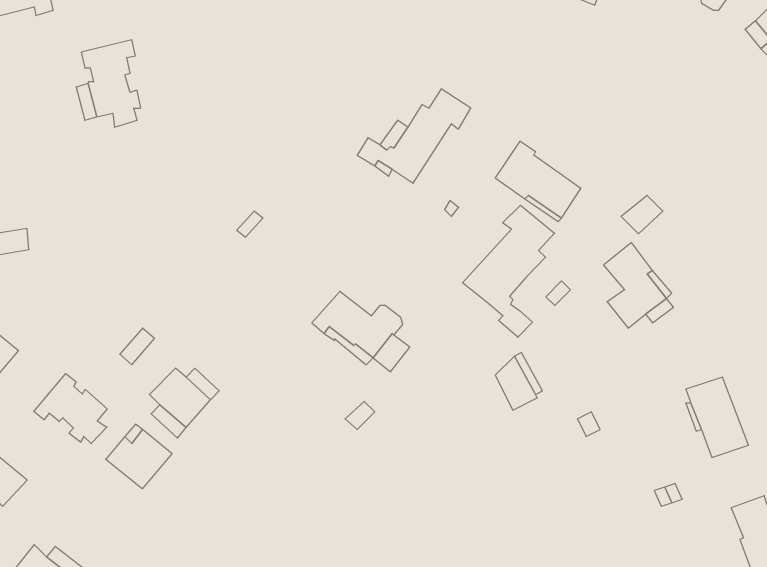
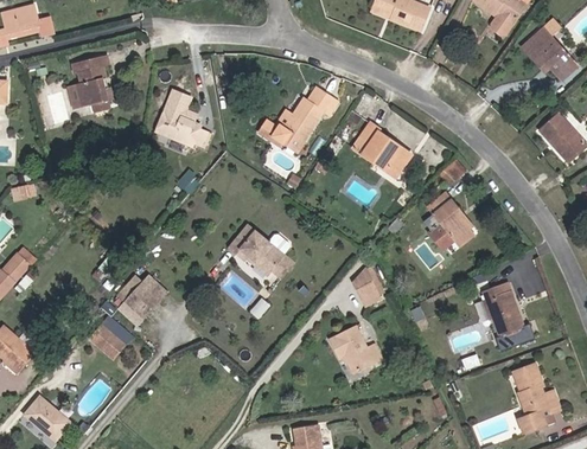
building: none -> [155,91,206,147]
building: [463,205,555,337] -> none
building: [34,374,107,444] -> none
building: none -> [330,327,381,373]

